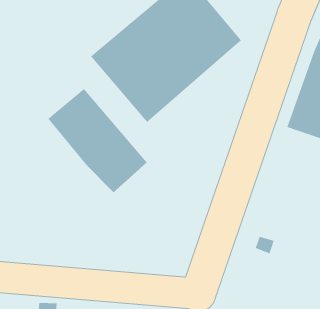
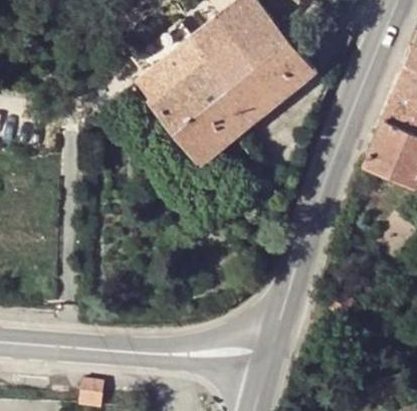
building: [47,88,147,193] -> none

